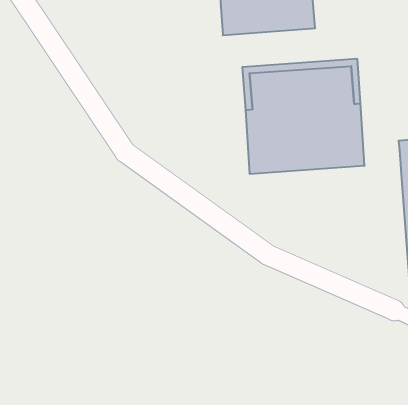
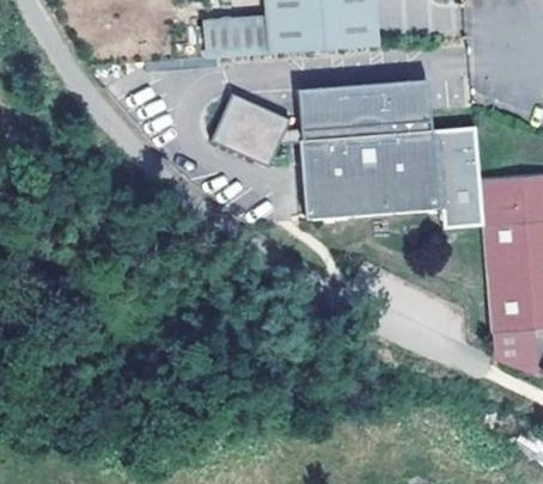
building: none -> [209,19,273,57]
building: none -> [211,93,288,167]
building: none -> [433,128,481,223]

